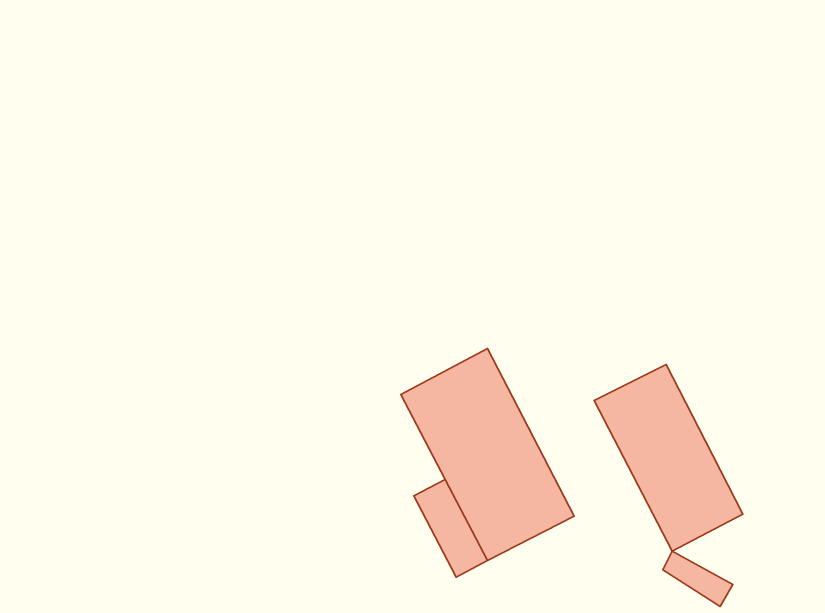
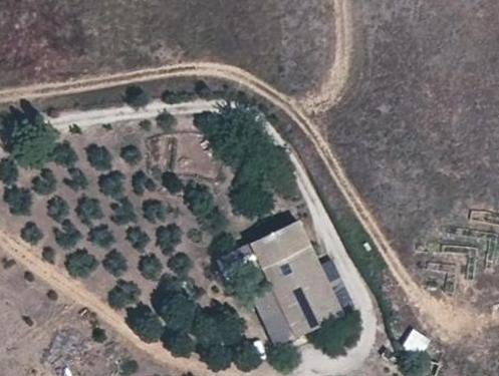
building: [594,365,743,551] -> none

